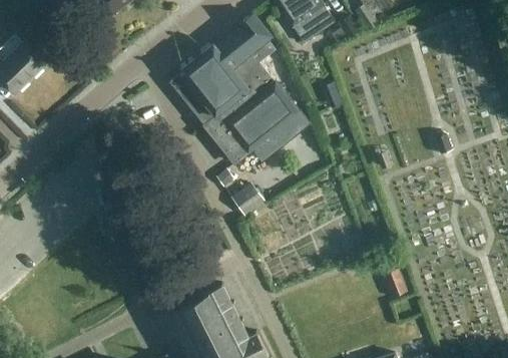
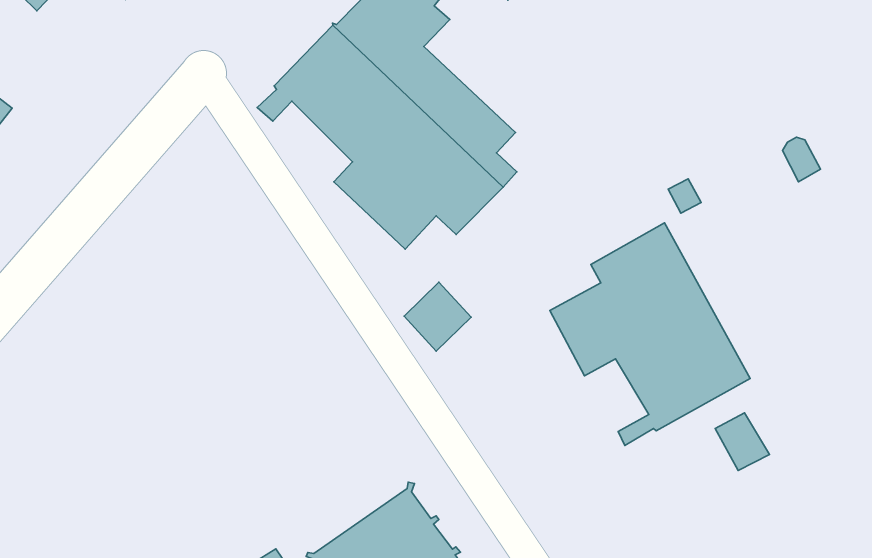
building: none -> [550,223,750,446]

